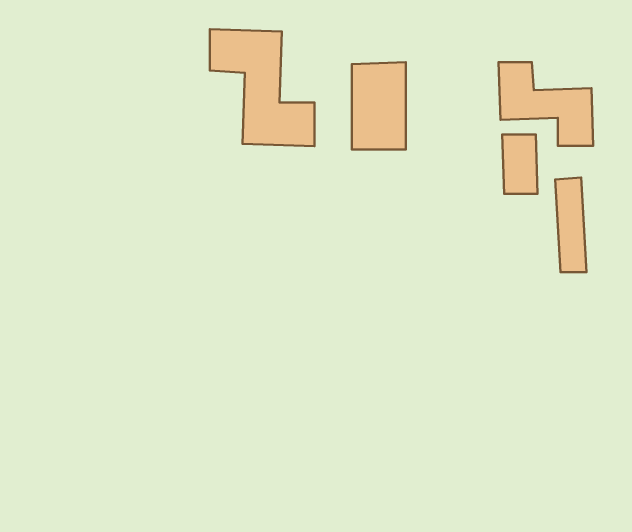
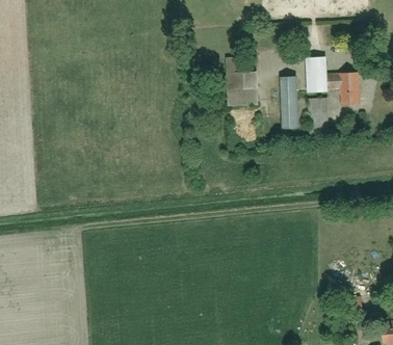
building: [210,29,315,146] -> none
building: [555,178,587,272] -> [281,76,298,129]

